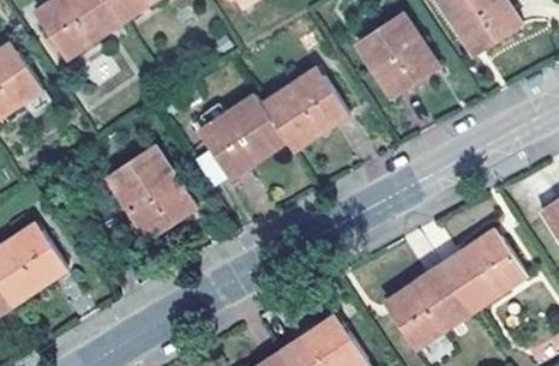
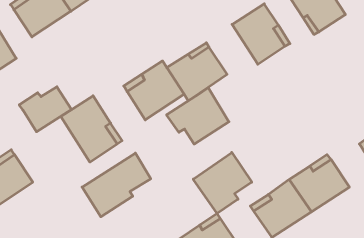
building: none -> [19,87,72,132]
building: none -> [167,88,229,144]
building: none -> [193,152,252,214]
building: none -> [82,153,151,217]

